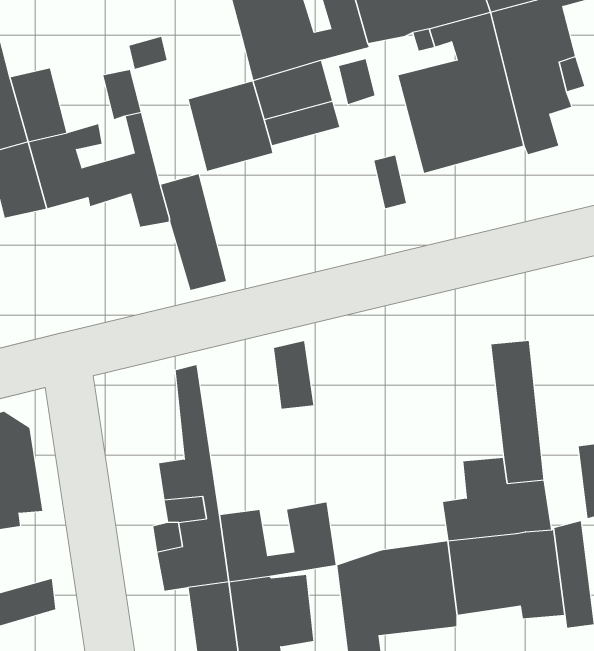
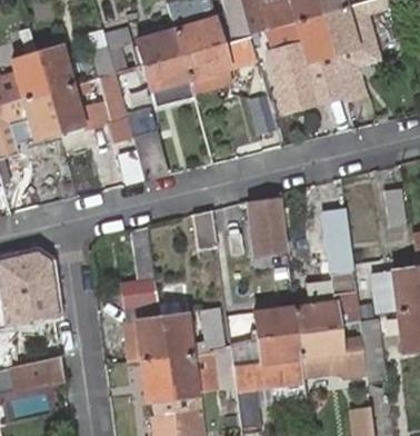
building: none -> [136,29,181,66]
building: none -> [251,200,286,254]
building: none -> [254,307,298,336]

